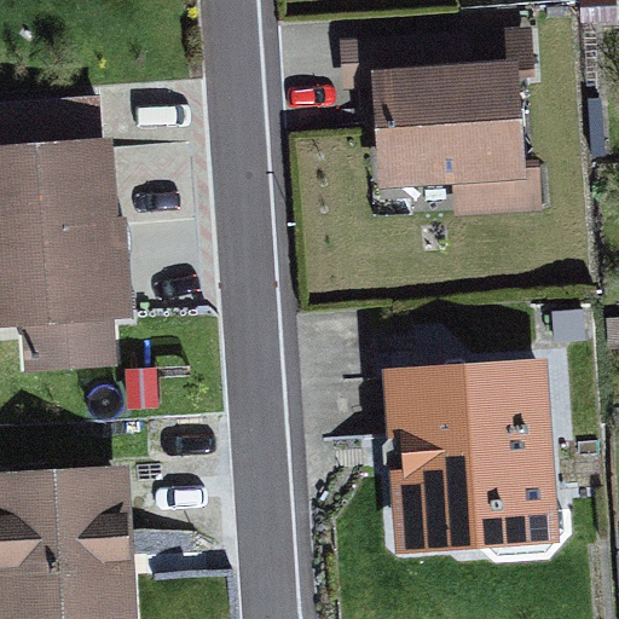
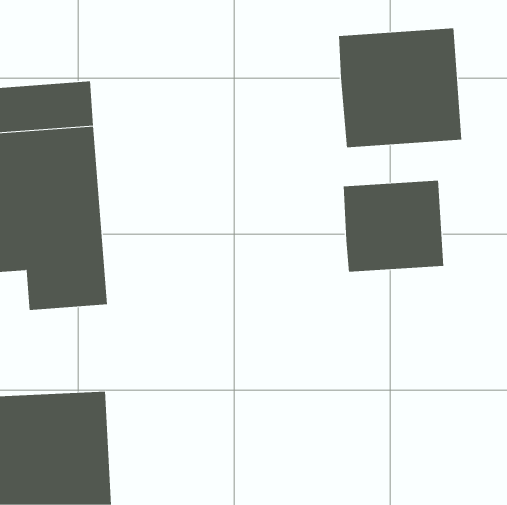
building: none -> [343,180,444,272]
building: [378,369,549,553] -> none

